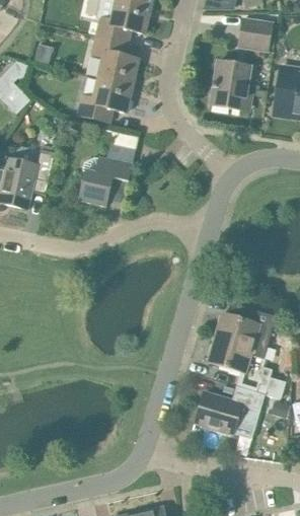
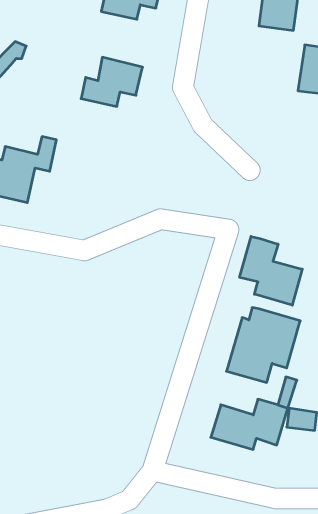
building: [91,35,139,86] -> none
building: [211,61,251,110] -> none
building: [79,127,139,206] -> none
building: none -> [240,236,302,305]

